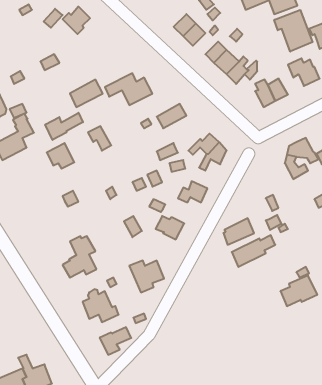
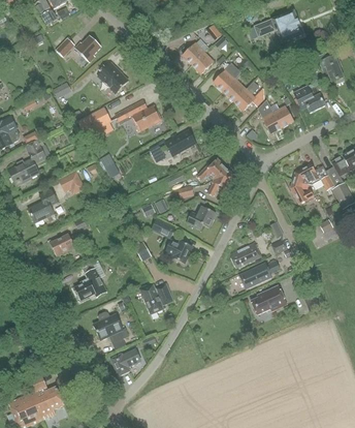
building: [274,10,313,52] -> none
building: none -> [97,62,129,93]
building: [45,113,83,140] -> none
building: none -> [28,188,58,225]
building: none -> [50,233,82,255]
building: [280,275,317,306] -> [251,285,287,315]

